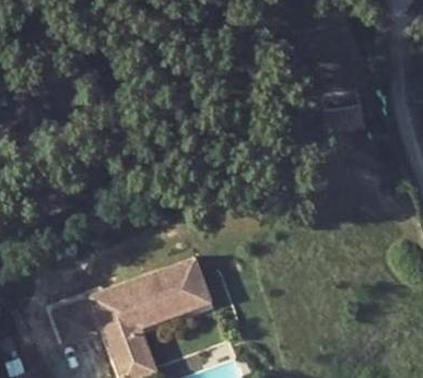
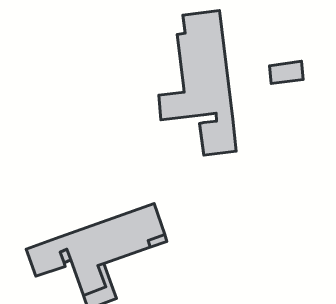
building: none -> [159,10,236,155]

